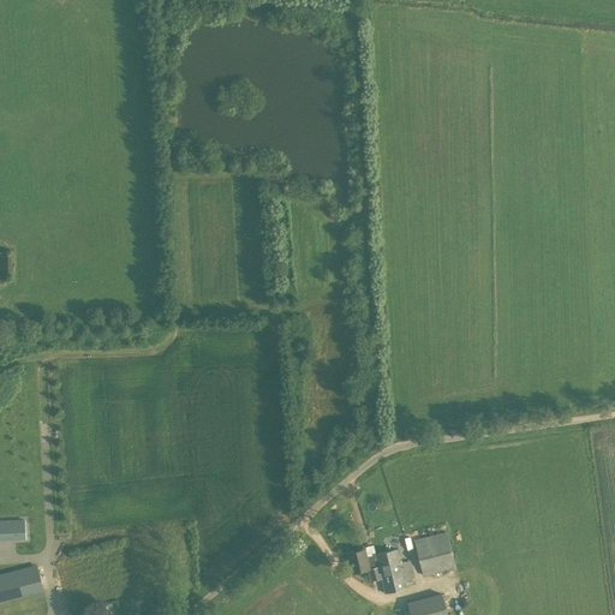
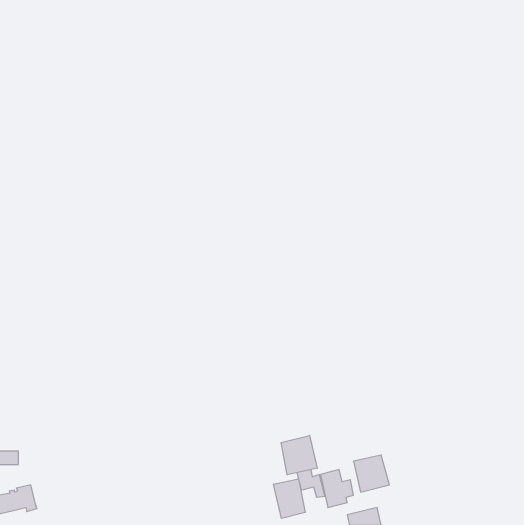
building: none -> [281,435,317,475]
building: none -> [274,479,305,518]

